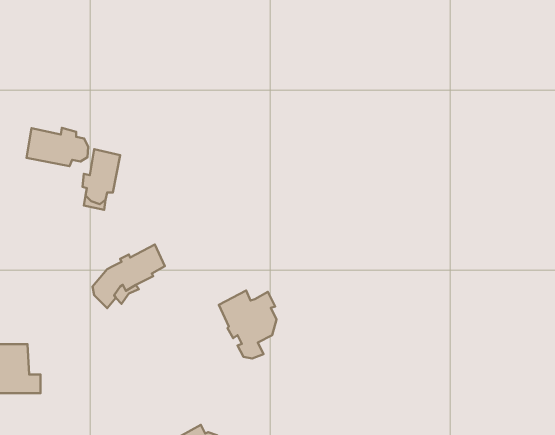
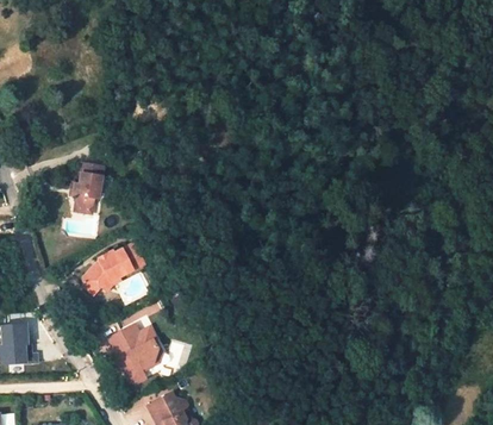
building: [27,128,88,166] -> none
building: [219,291,277,358] -> [108,325,156,381]

